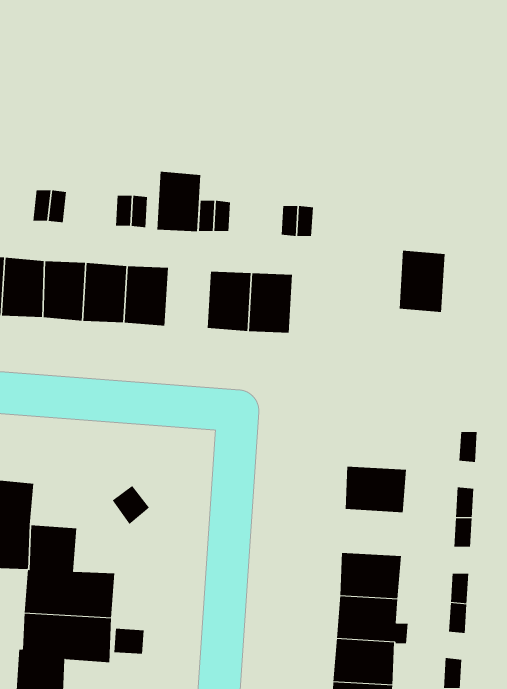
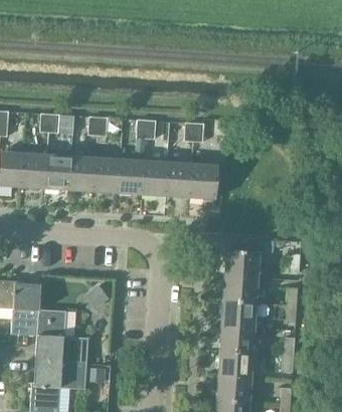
building: [156,171,201,232] -> [118,159,144,194]
building: [399,250,445,312] -> [190,163,217,199]
building: none -> [223,249,266,277]
building: none -> [220,299,264,328]

